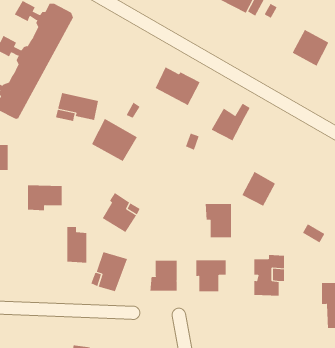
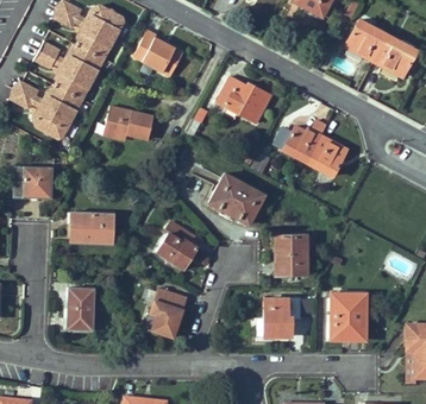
building: none -> [345,19,389,62]
building: none -> [133,31,183,77]
building: [91,118,138,162] -> [211,173,264,223]
building: [242,171,276,207] -> [307,135,346,176]
building: [66,227,87,263] -> [69,288,93,329]
building: [150,260,177,292] -> none

